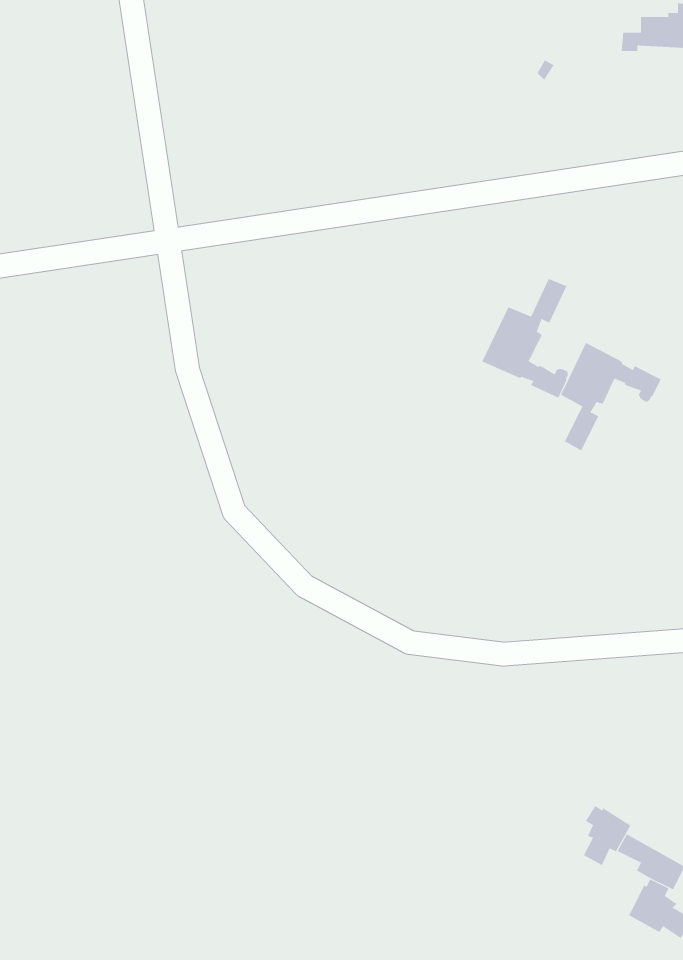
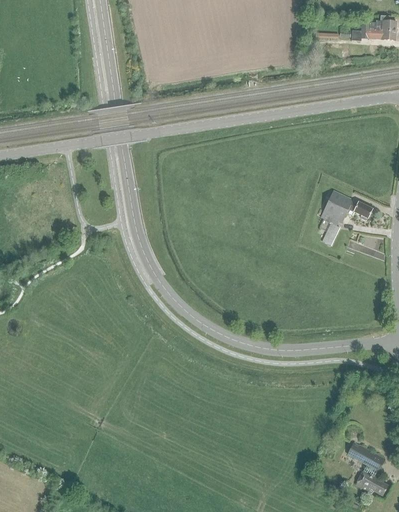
building: [481,278,568,399] -> none
building: [583,805,631,866] -> none

